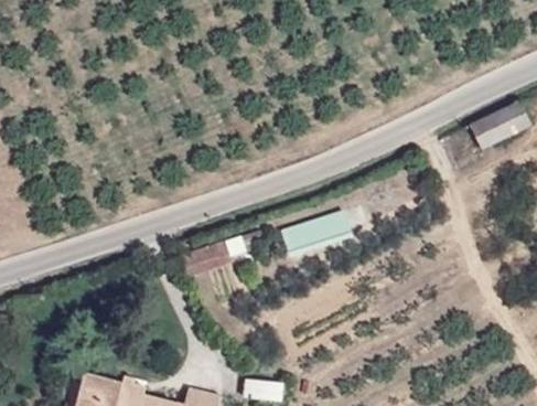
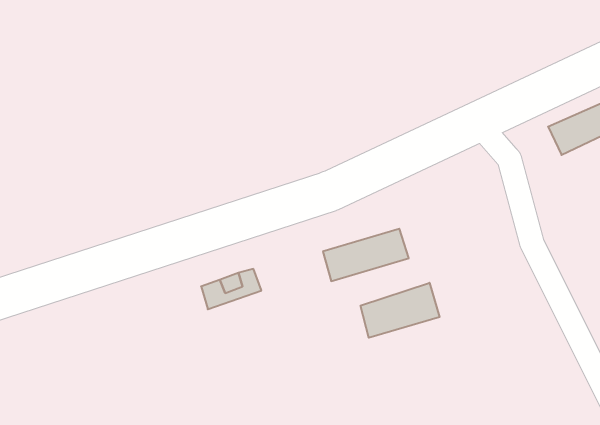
building: none -> [361,283,440,338]

